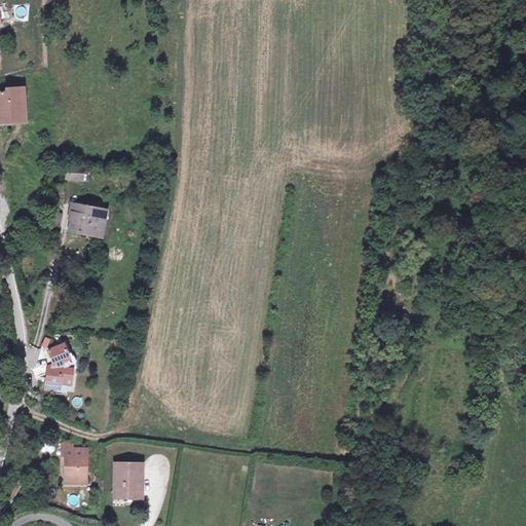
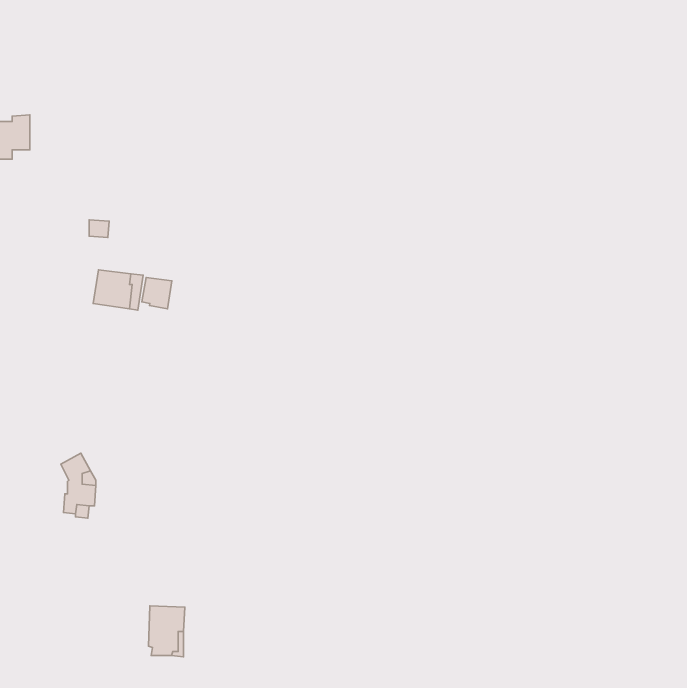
building: none -> [142,277,172,309]
building: [63,441,88,481] -> none

